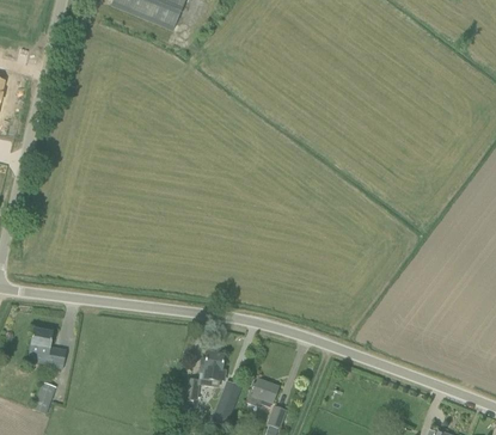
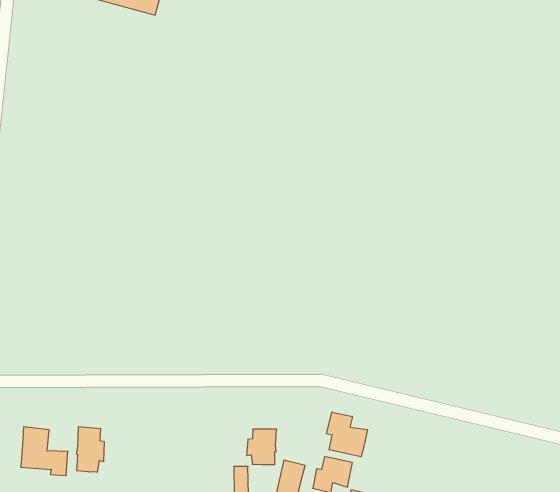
building: none -> [77,427,104,472]
building: none -> [327,412,368,457]

